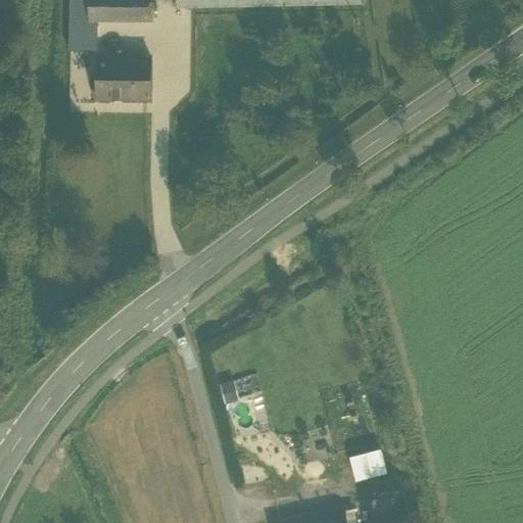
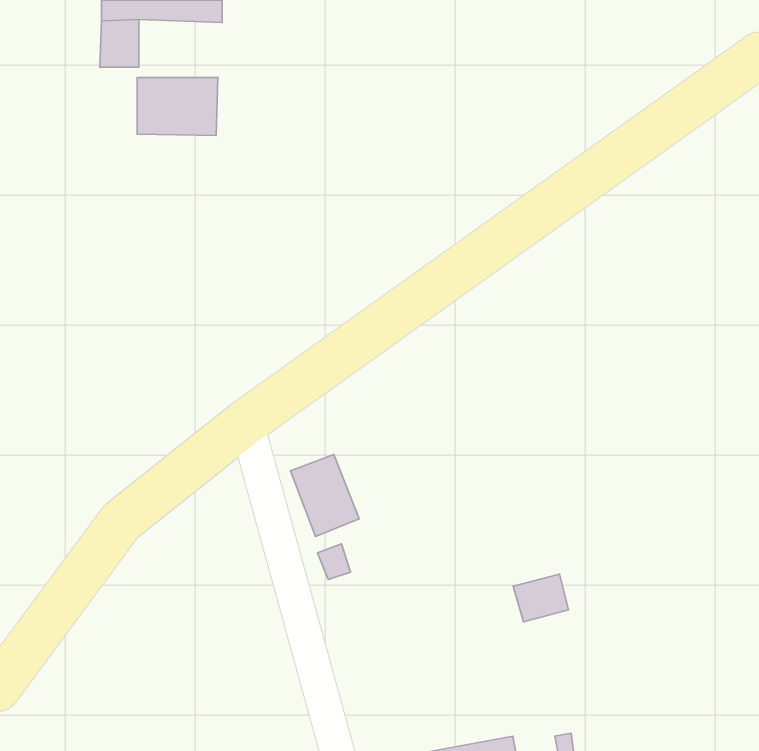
building: none -> [291,455,359,537]
building: [350,449,388,482] -> [513,574,568,622]

